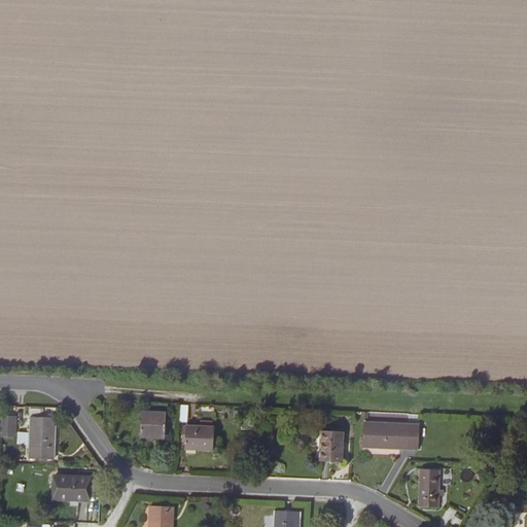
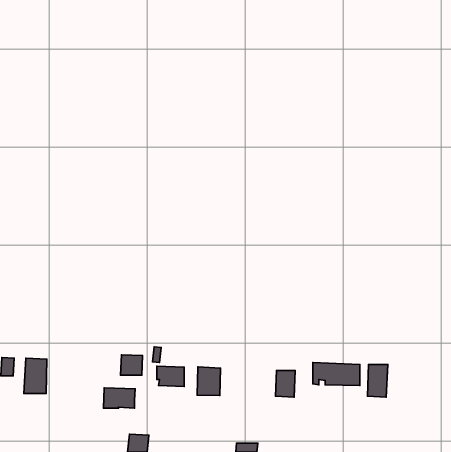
building: none -> [197,367,221,396]
building: [419,469,443,507] -> [368,364,388,397]
building: [54,476,91,499] -> [103,388,135,408]

